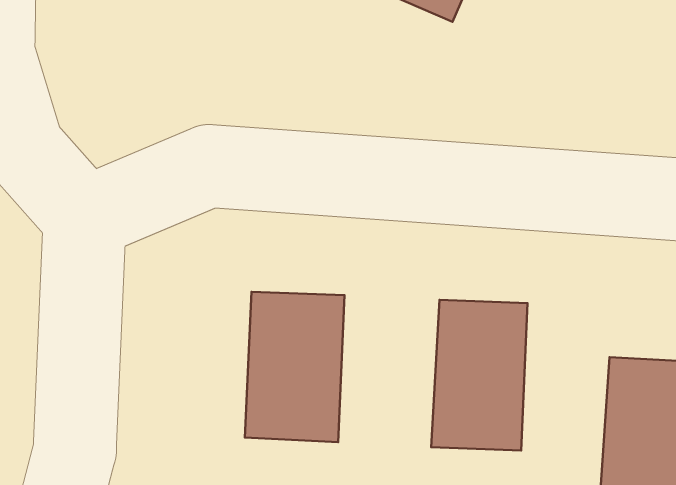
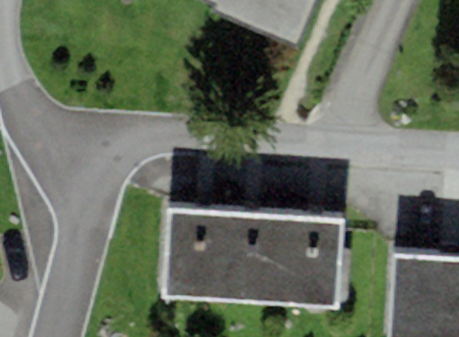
building: none -> [225,207,288,302]

